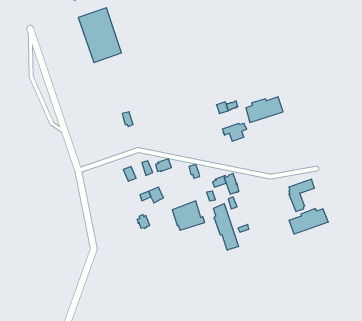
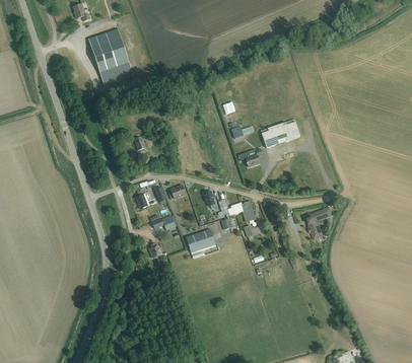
building: [213,204,239,250] -> none
building: [289,209,328,234] -> none

